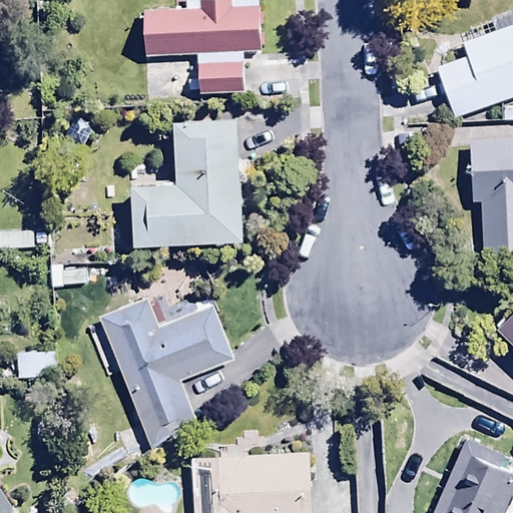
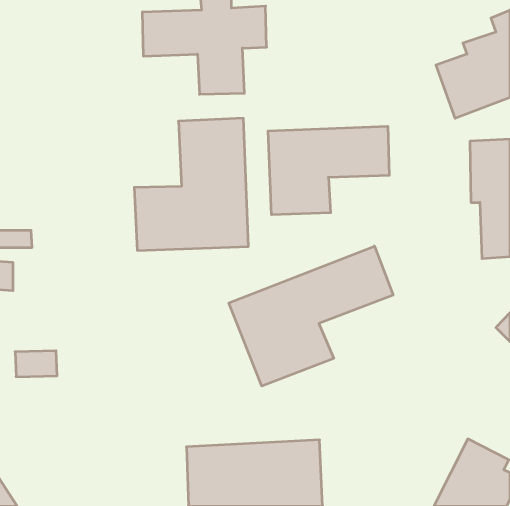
building: none -> [268,126,389,215]
building: none -> [229,246,393,386]
building: [100,291,235,452] -> none

